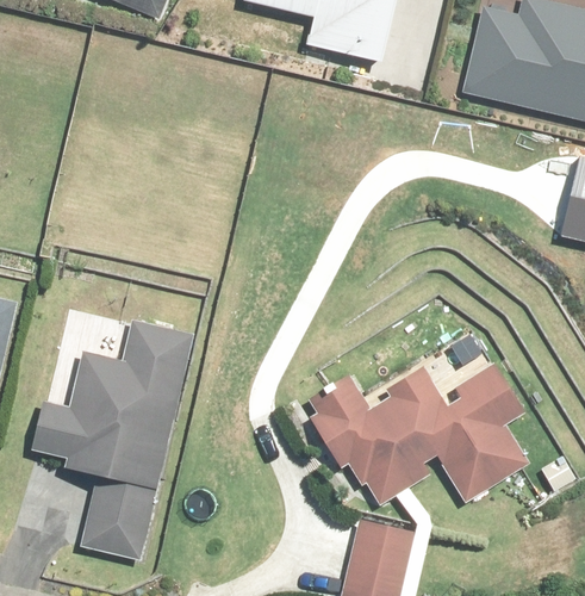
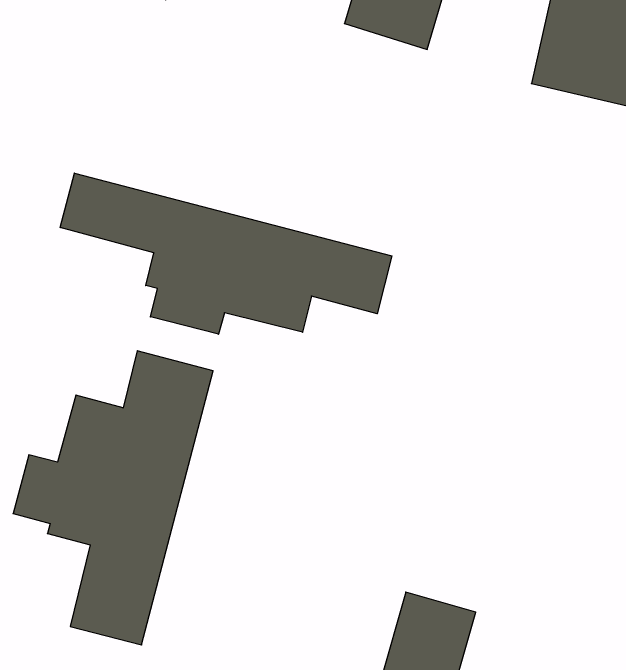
building: none -> [60,173,392,334]
building: [305,361,530,504] -> none

